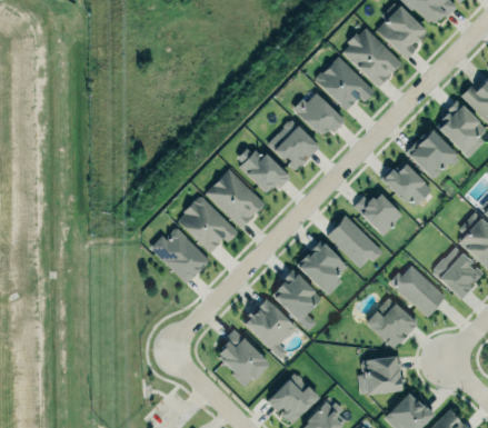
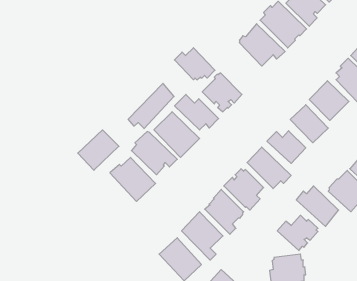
building: [293,92,346,133] -> [174,48,215,80]
building: none -> [128,83,174,129]
building: none -> [78,130,119,170]

